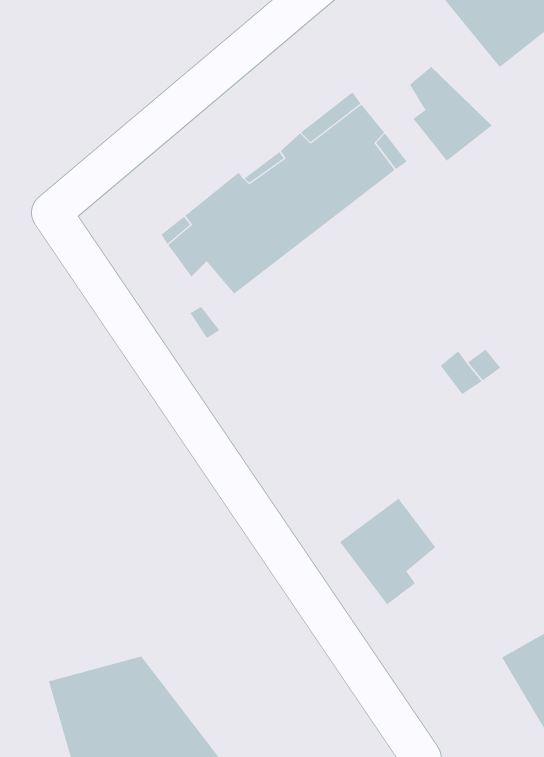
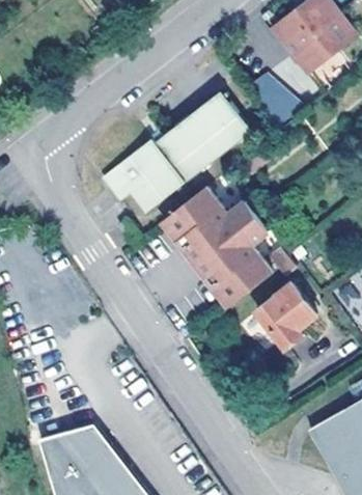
building: none -> [164,187,274,305]
building: [339,498,436,605] -> [257,284,316,350]

